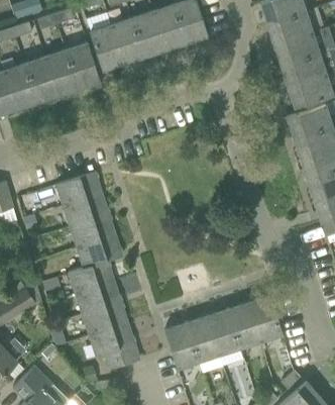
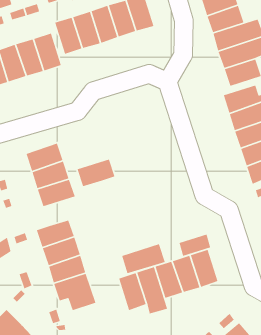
building: [77,234,122,268] -> [77,159,115,187]
building: none -> [178,233,211,257]
building: none -> [121,243,166,274]

